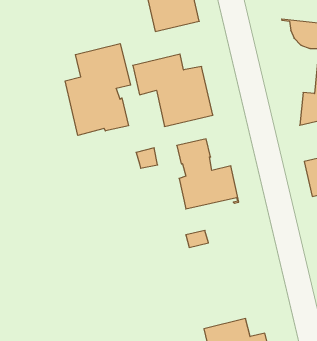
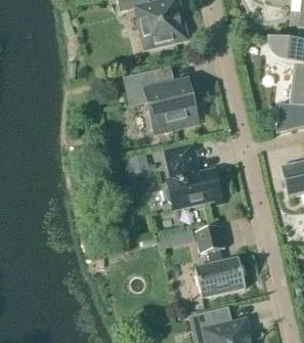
building: [65,44,131,135] -> none
building: none -> [194,225,246,297]

